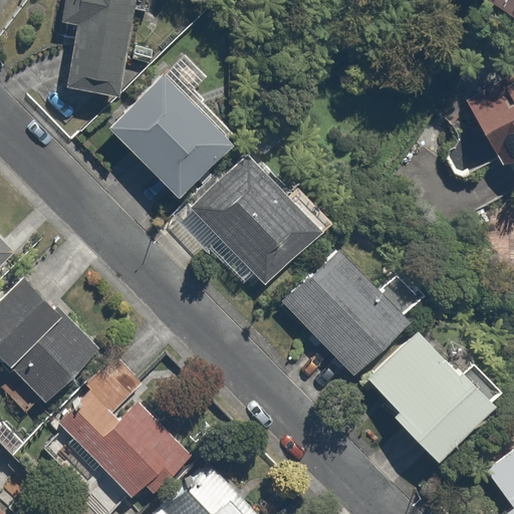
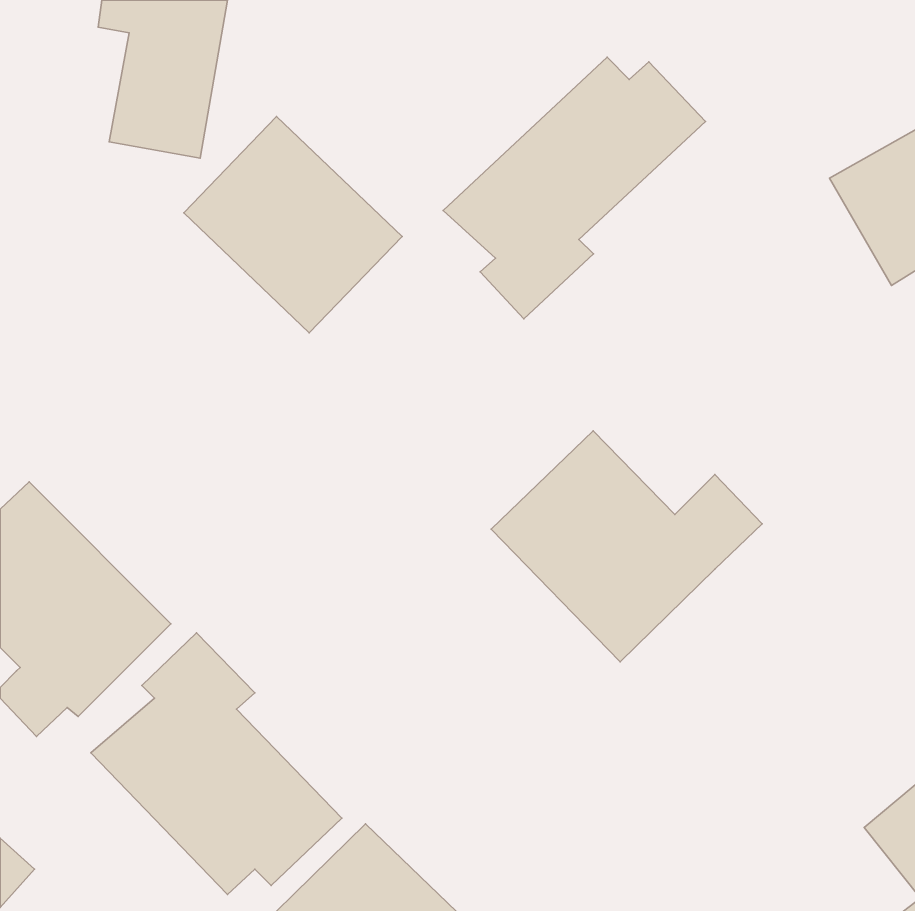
building: none -> [443,57,706,319]
building: [189,154,323,289] -> none
building: [371,331,494,457] -> none

